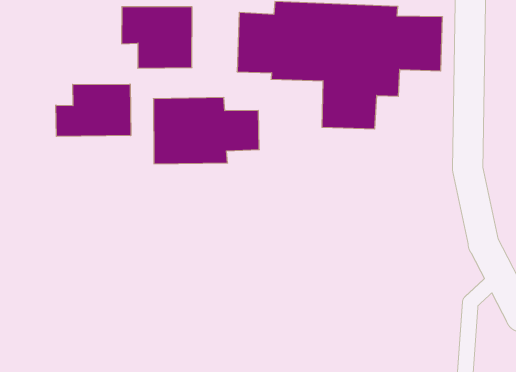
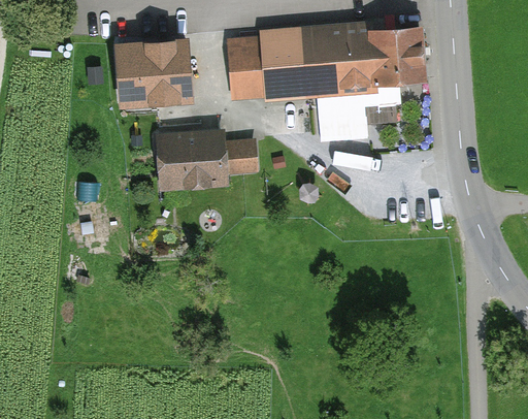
building: [56,84,131,136] -> none

